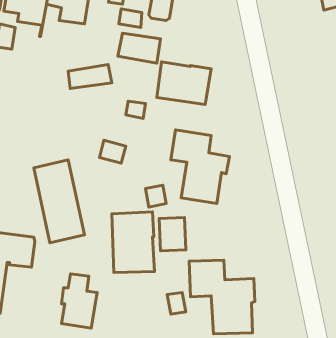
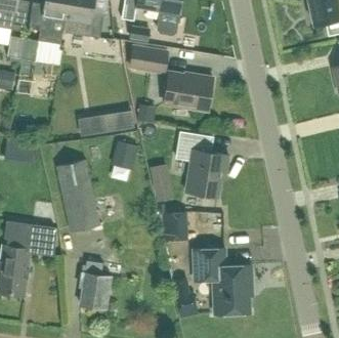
building: [68,64,112,89] -> [94,111,133,132]
building: [112,212,154,272] -> none

